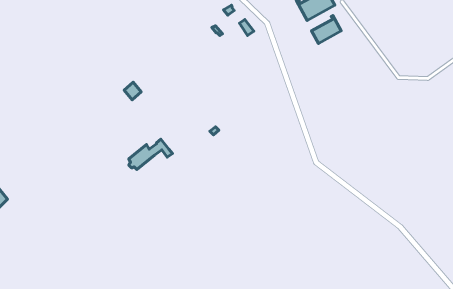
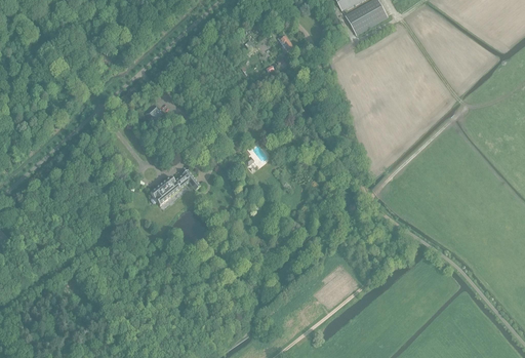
building: [312,16,341,43] -> none

